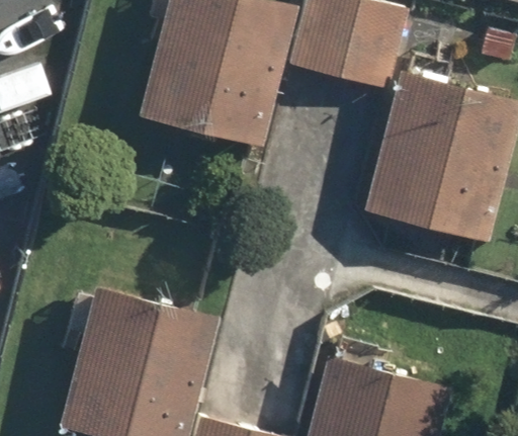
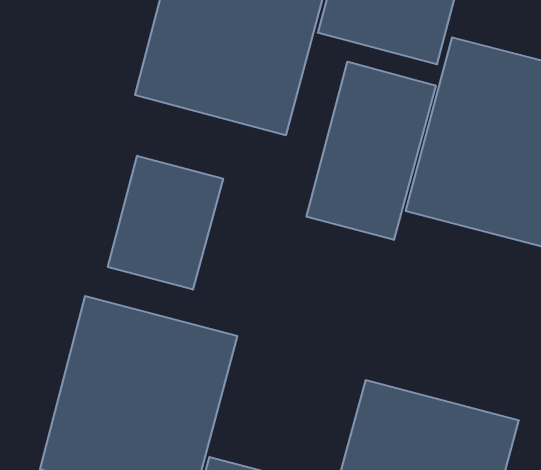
building: none -> [306,62,436,240]
building: none -> [108,156,223,290]

